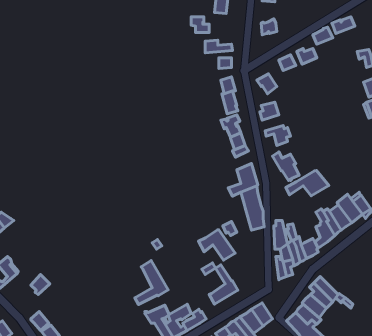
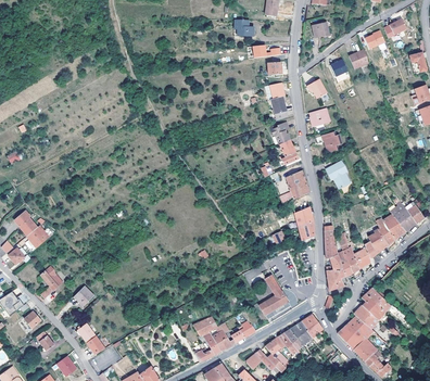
building: [286,171,329,196] -> none
building: [198,230,235,260] -> none
building: [135,260,168,304] -> none

